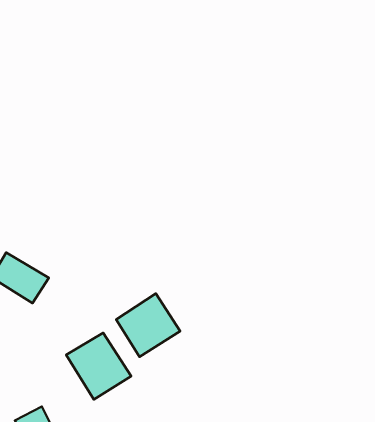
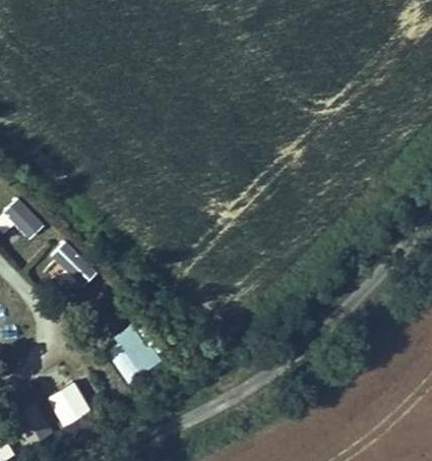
building: [116,293,180,357] -> none

